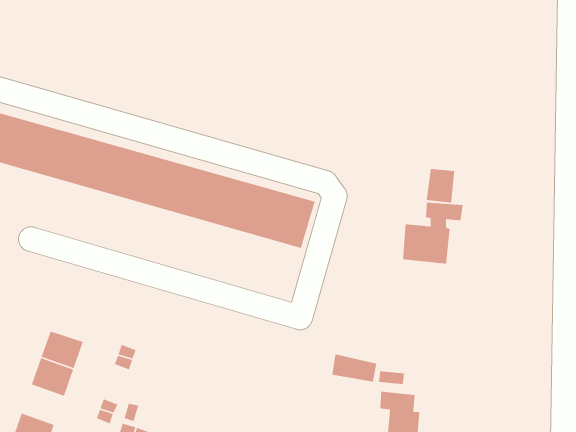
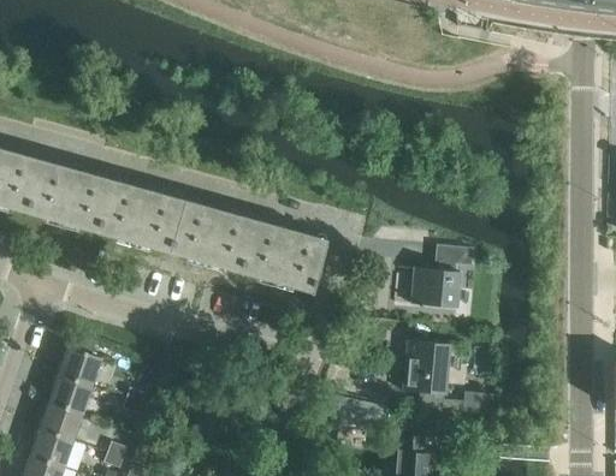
building: [426,168,455,204] -> none
building: none -> [404,340,475,415]
building: none -> [60,346,102,385]
building: none -> [31,428,75,468]

